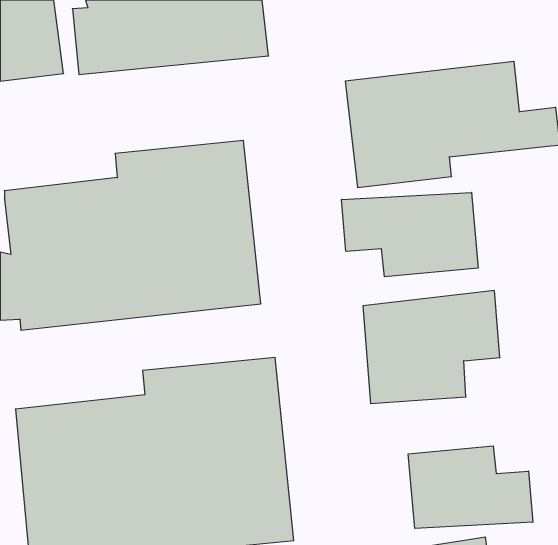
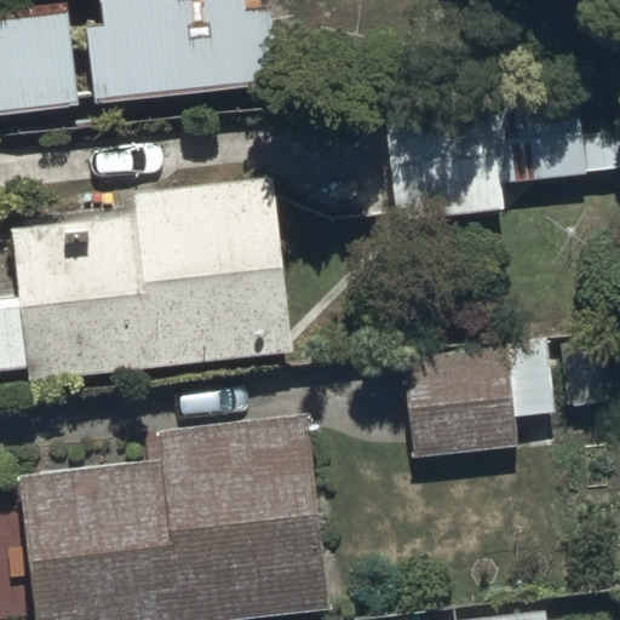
building: [342,192,478,277] -> none
building: [408,446,533,528] -> none

